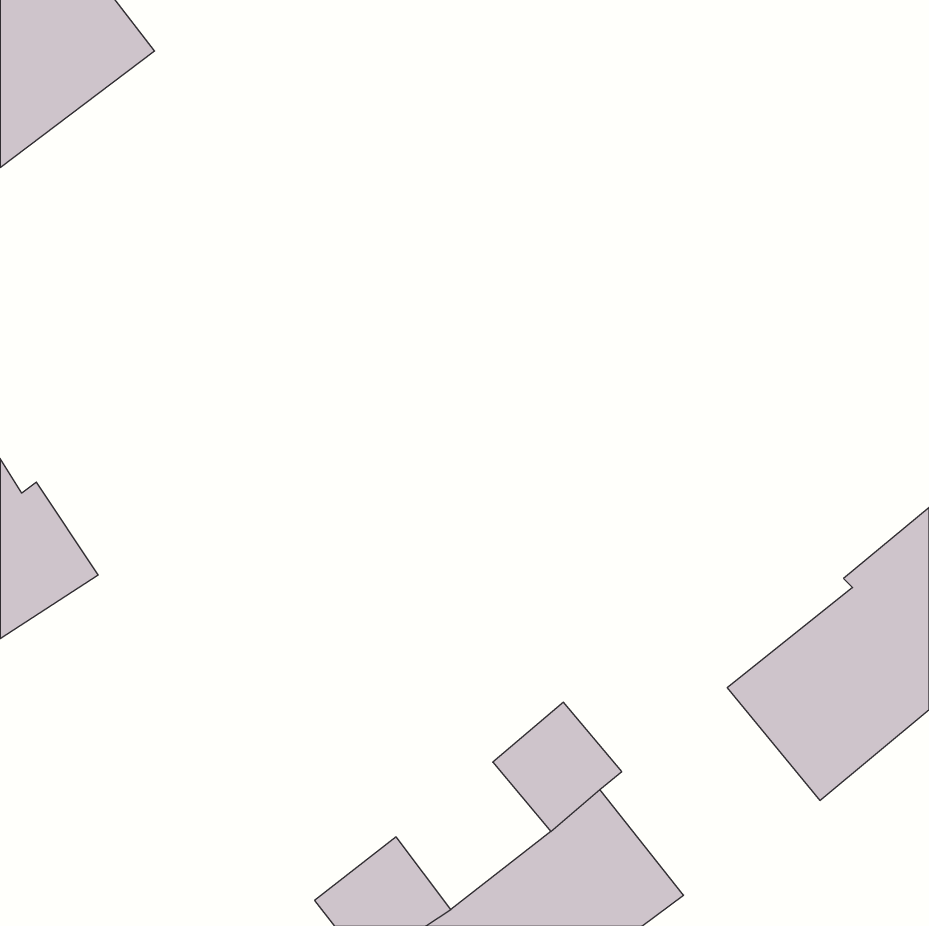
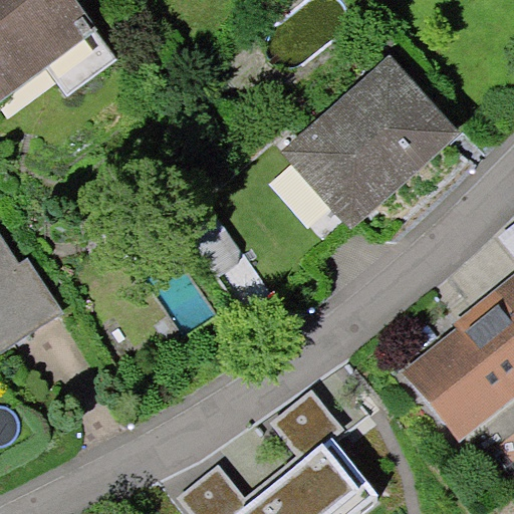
building: none -> [286,72,453,230]

